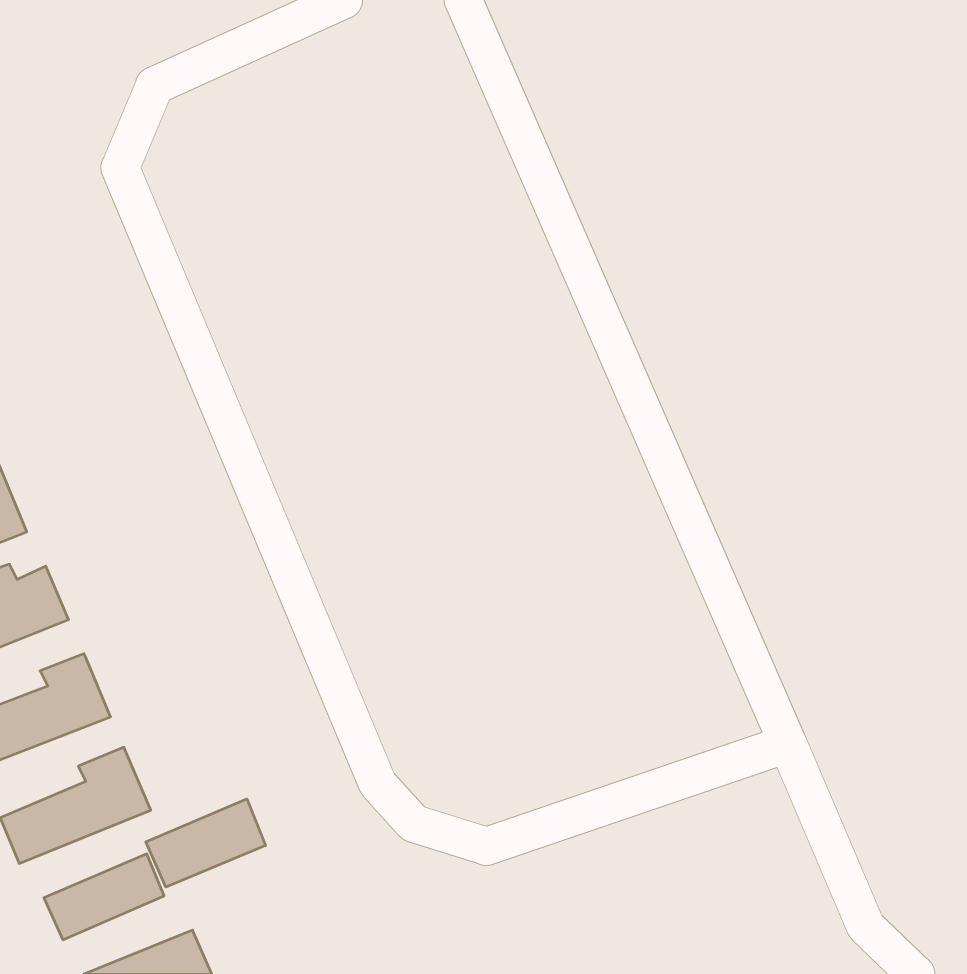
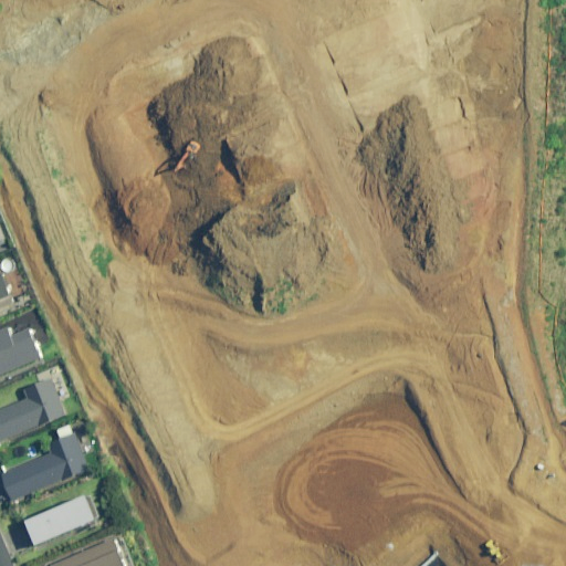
building: [146,799,265,887] -> none

